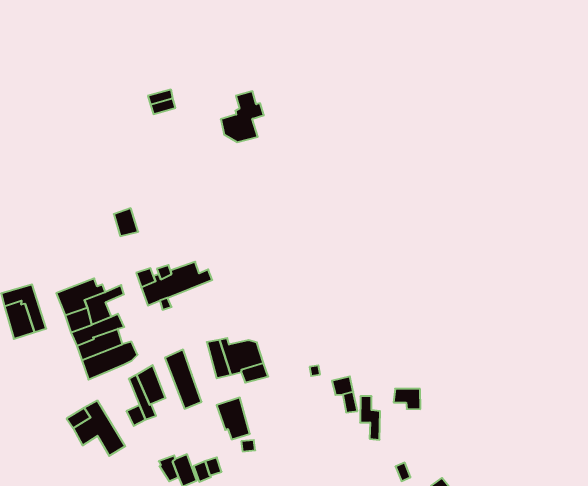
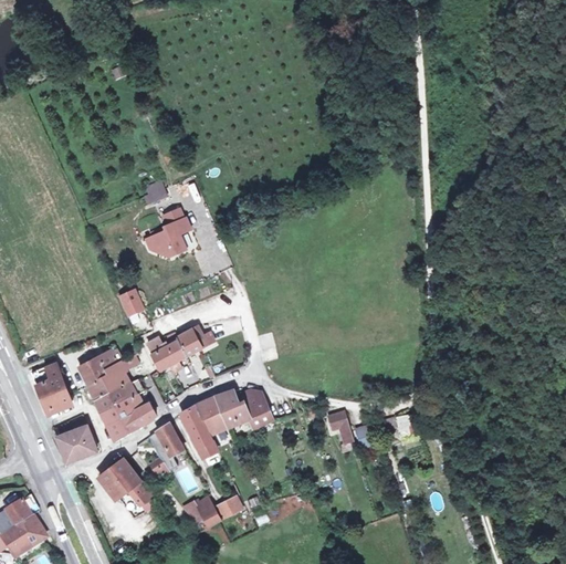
building: [221,91,264,142] -> [151,207,189,253]
building: none -> [54,425,96,462]
building: [217,398,250,439] -> [195,396,227,434]

